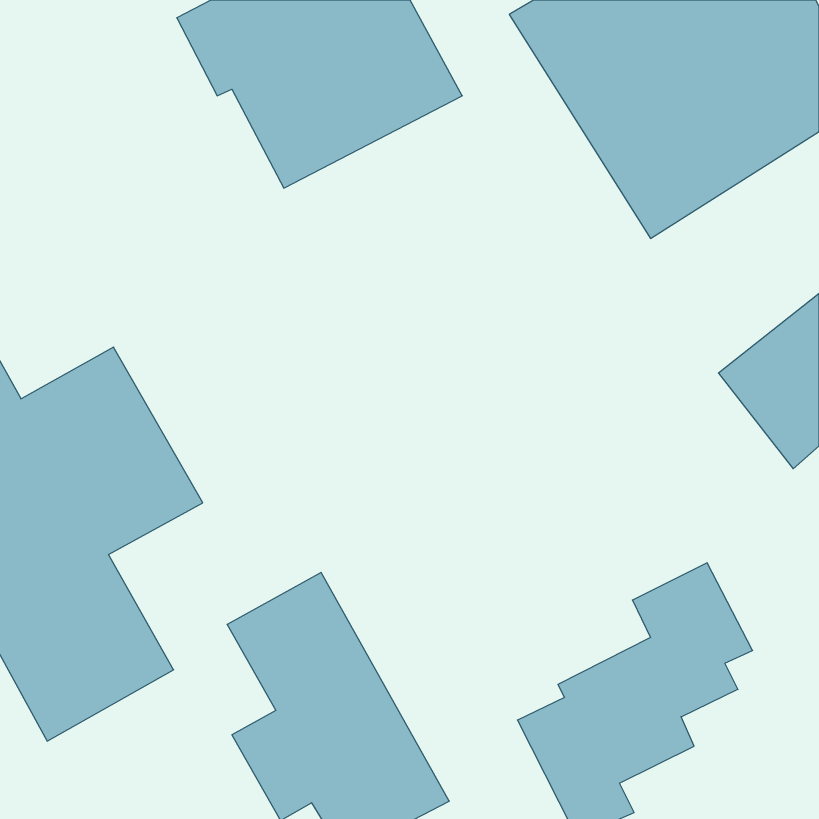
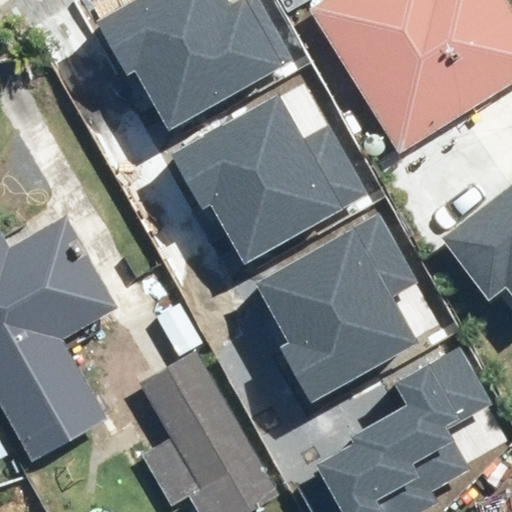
building: none -> [186,100,341,247]
building: none -> [270,231,412,385]

